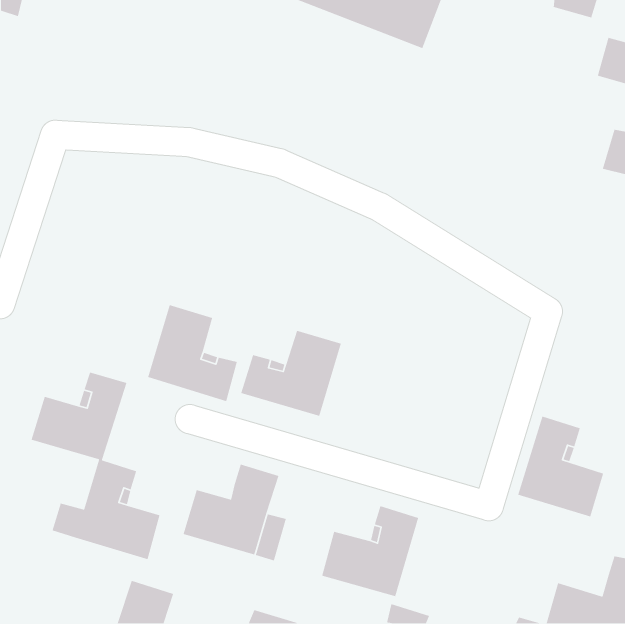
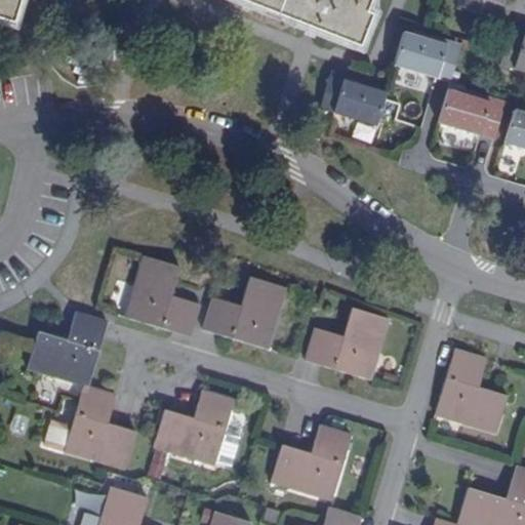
building: none -> [395,30,460,81]
building: none -> [320,74,388,124]
building: none -> [438,87,503,138]
building: none -> [305,307,389,379]

